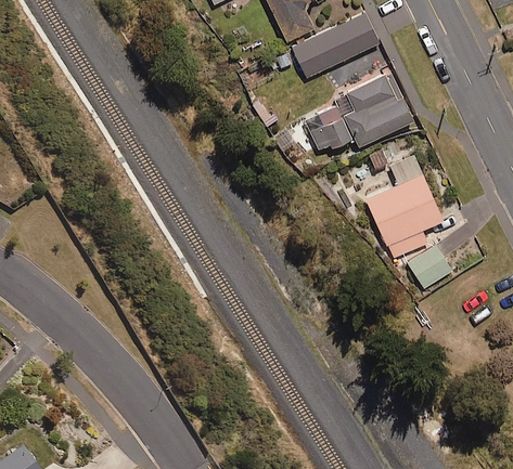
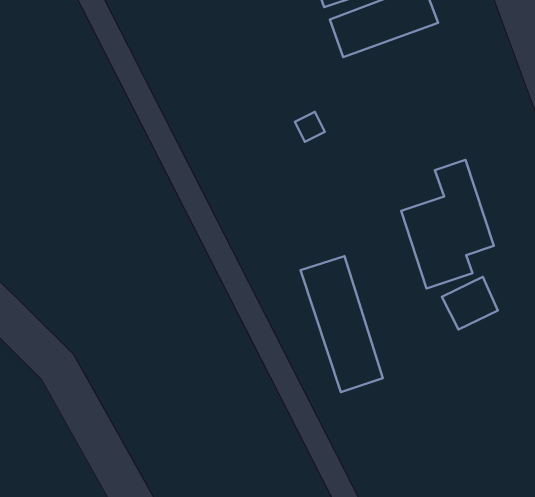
building: [305,73,415,154] -> none
building: none -> [300,256,383,392]

